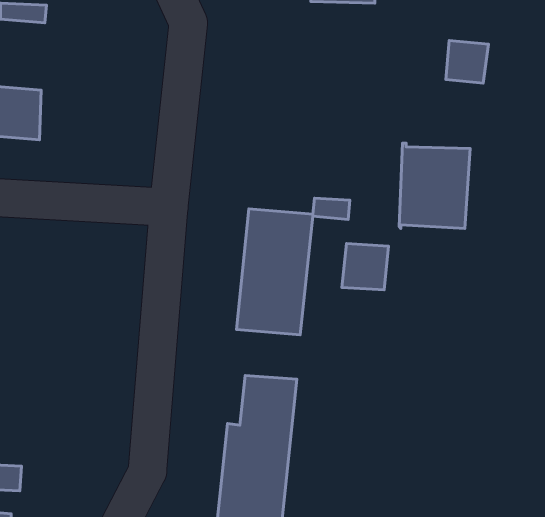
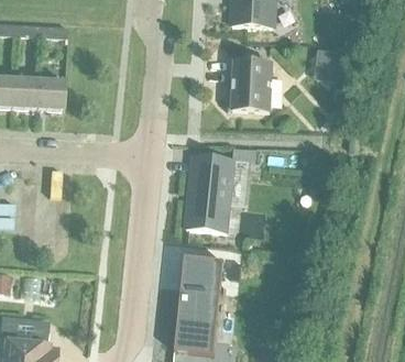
building: [399,143,470,228] -> [228,57,272,110]
building: [342,244,389,290] -> none

